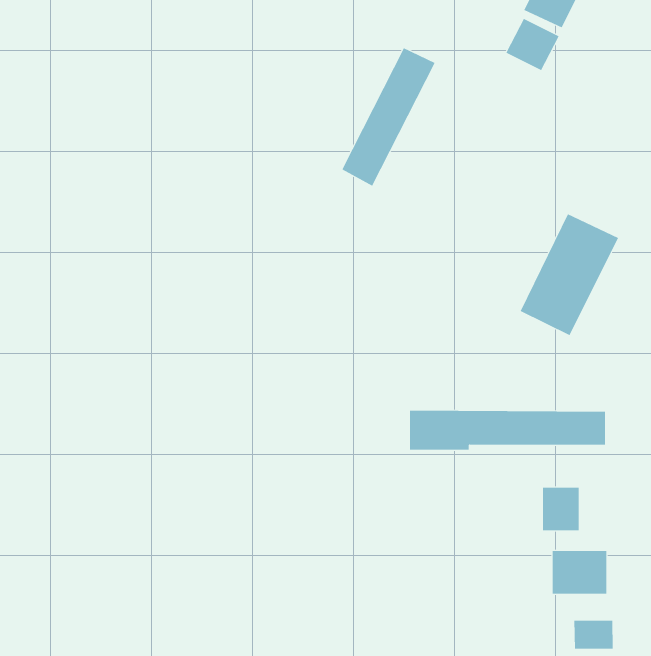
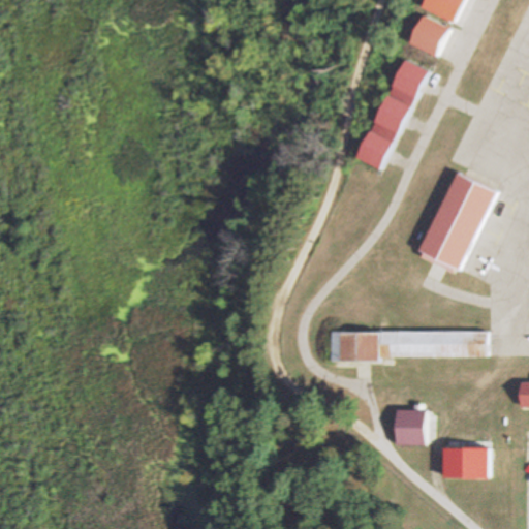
building: [342,47,436,186] -> [353,59,429,170]
building: [542,487,579,531] -> [395,410,425,445]
building: [574,620,613,650] -> none

